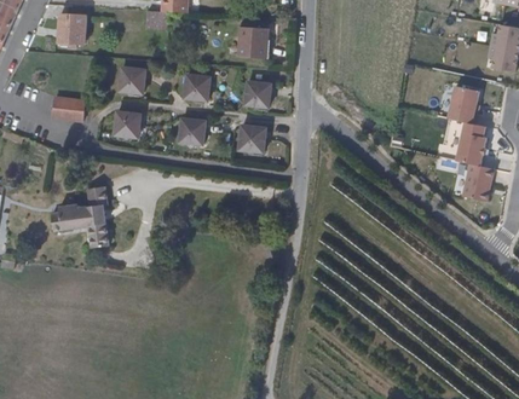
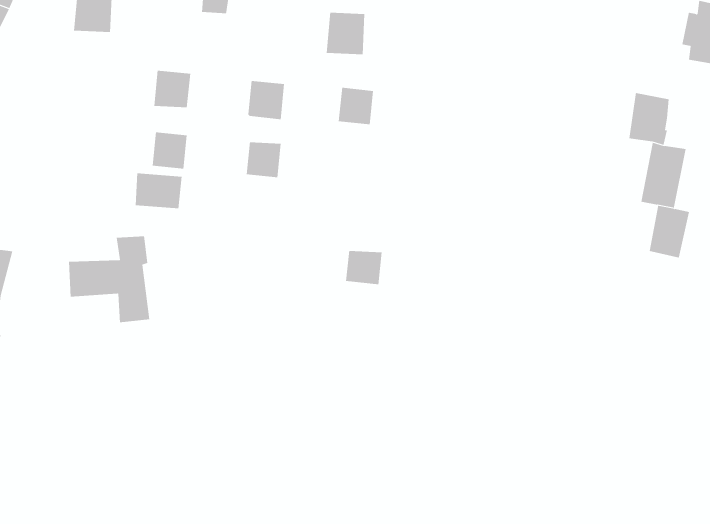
building: [50,96,83,121] -> [135,173,183,209]
building: [240,125,266,149] -> [345,251,383,285]

